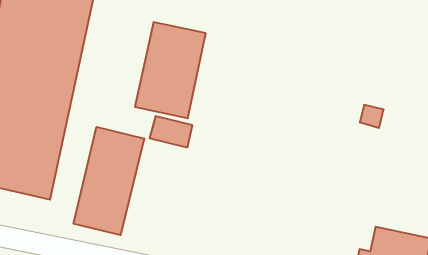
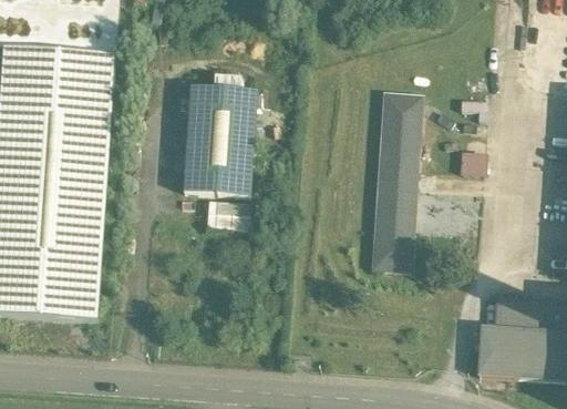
building: none -> [373,96,421,273]
building: [74,127,144,235] -> none

